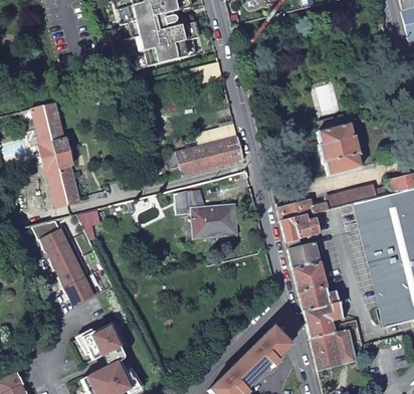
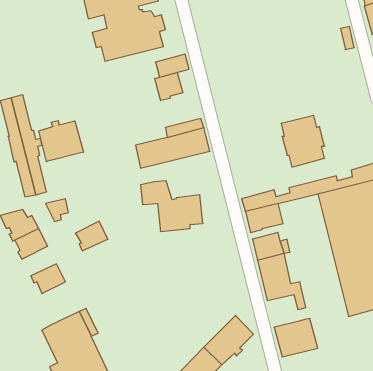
building: none -> [155,72,183,101]
building: none -> [39,121,83,162]
building: [55,256,88,286] -> [75,221,108,251]
building: [302,306,334,339] -> none

